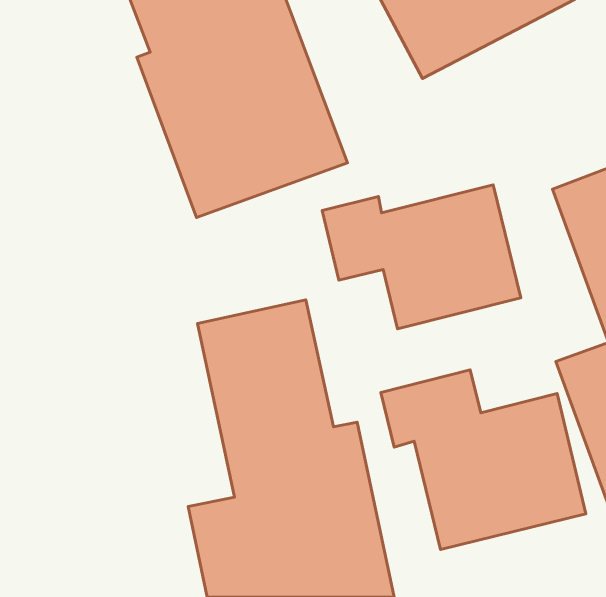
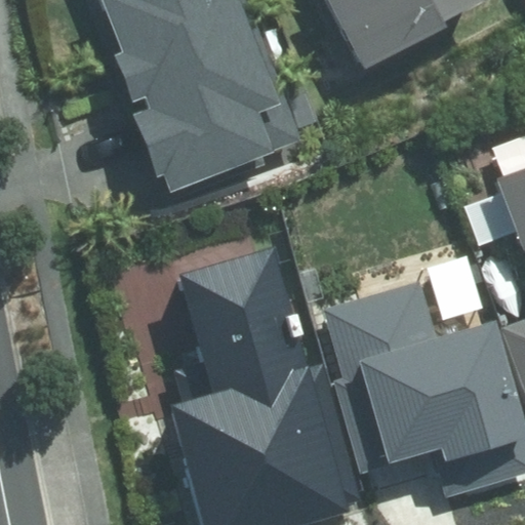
building: [322,185,521,329] -> none

